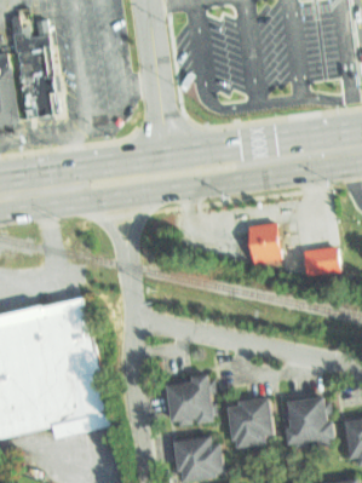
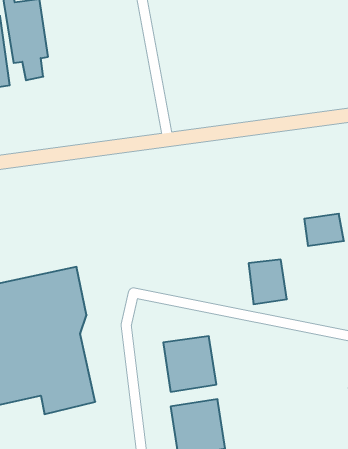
building: [249,226,287,270] -> [249,260,287,304]
building: [285,391,338,447] -> none
building: [226,393,278,448] -> none

